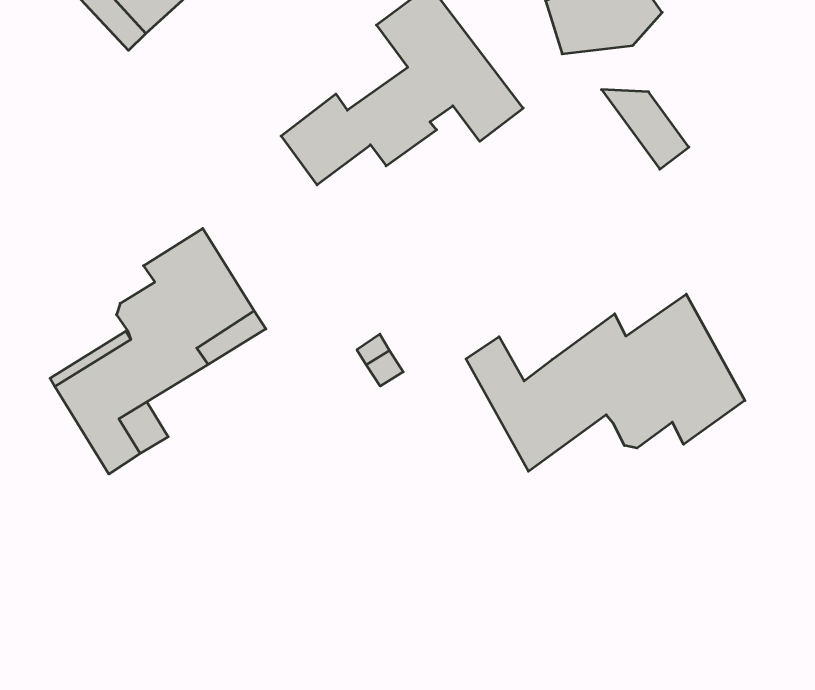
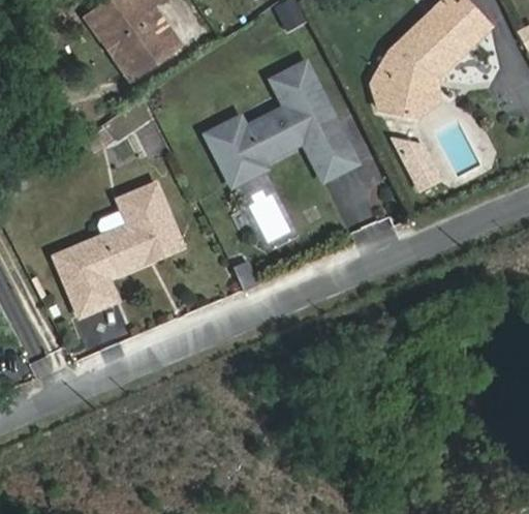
building: none -> [224,134,361,188]
building: [466,294,745,471] -> none

